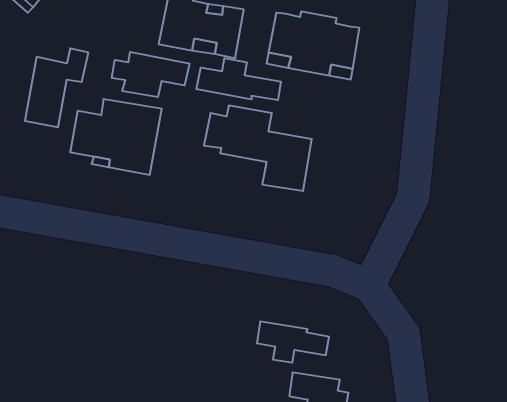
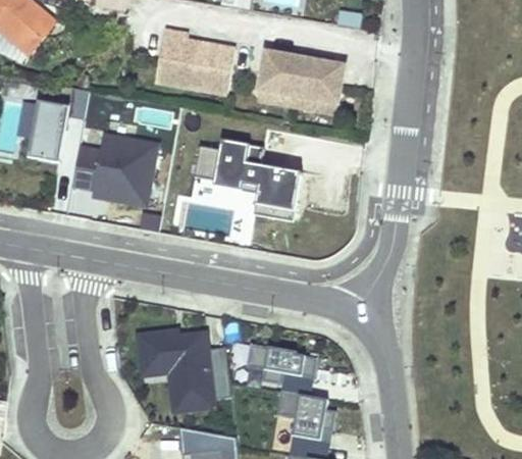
building: [112,52,189,97] -> none
building: [197,58,281,100] -> none
building: none -> [137,330,229,410]

